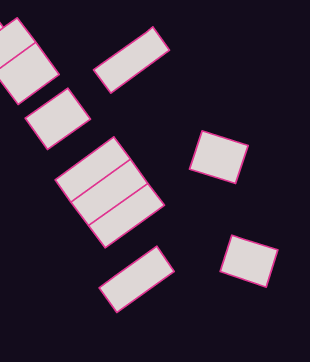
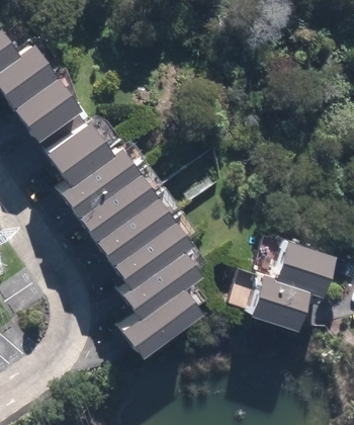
building: [93,27,170,93] -> [58,146,137,215]
building: [190,131,248,184] -> [271,237,332,291]
building: none -> [120,247,198,315]

